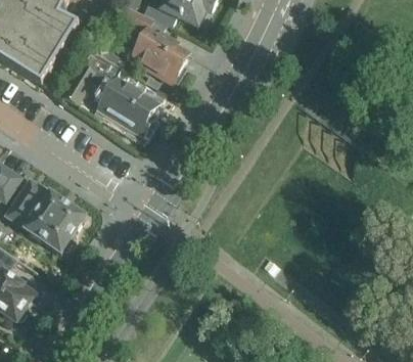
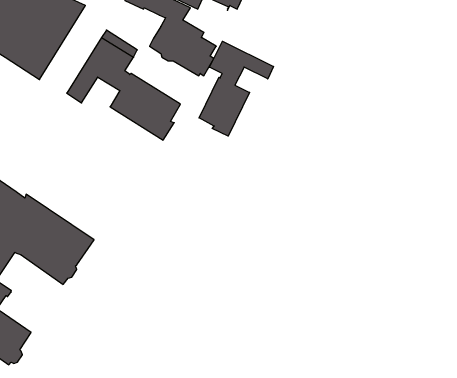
building: none -> [199,41,273,136]

